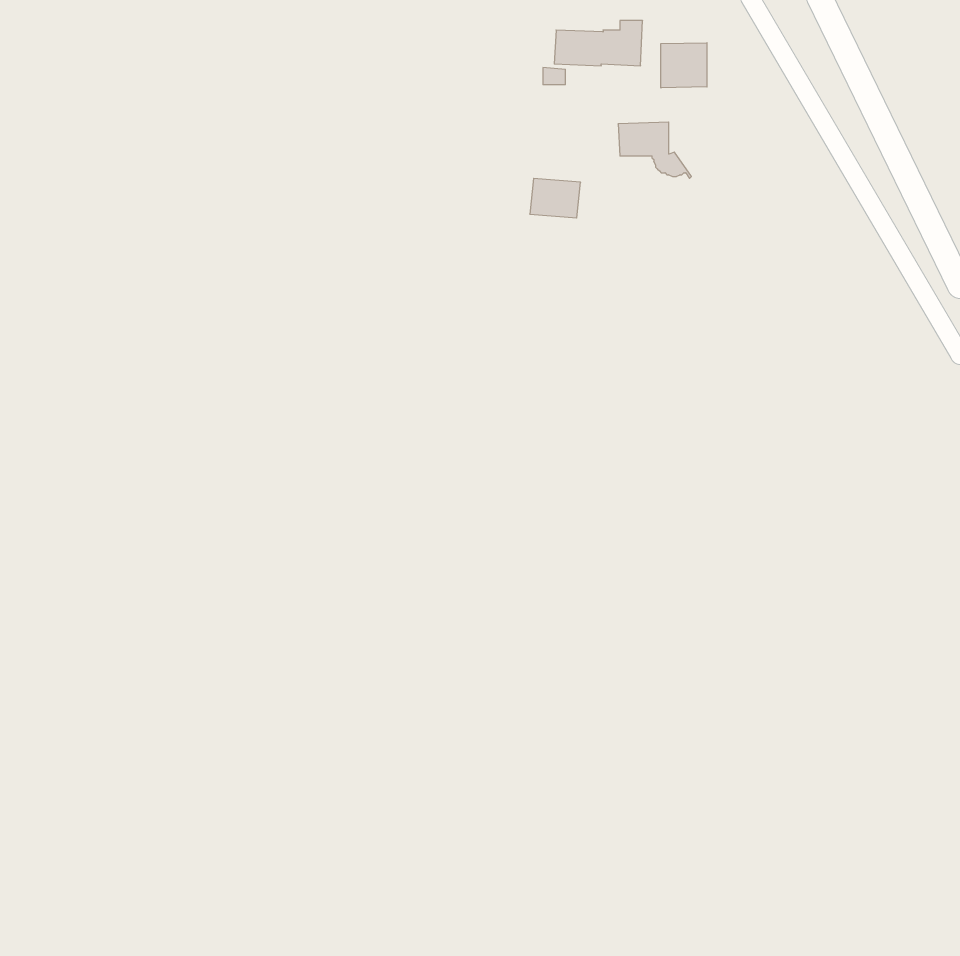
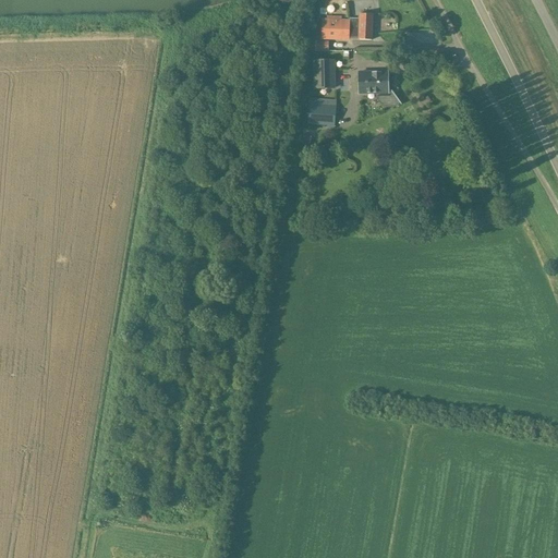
building: [661,43,707,88] -> none
building: none -> [315,59,333,88]

